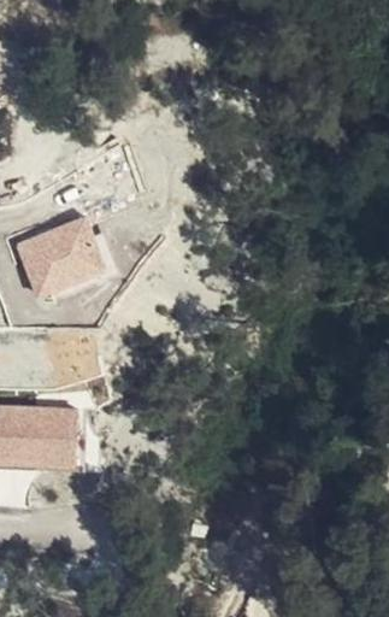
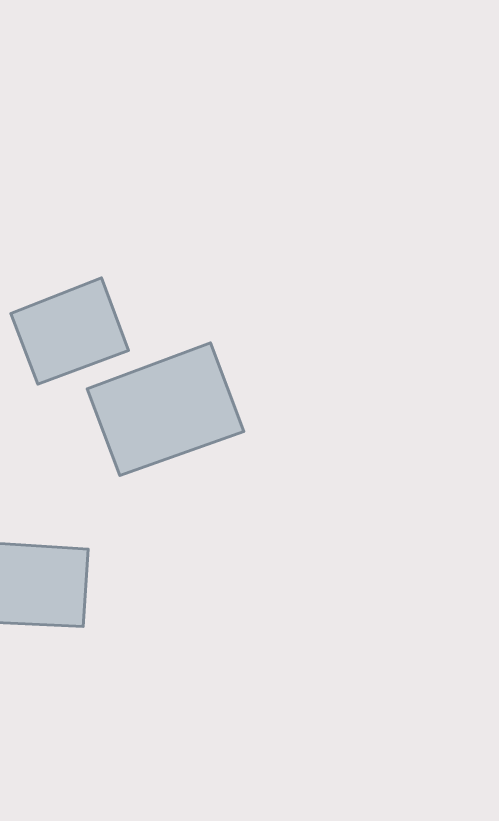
building: none -> [87,343,244,476]

